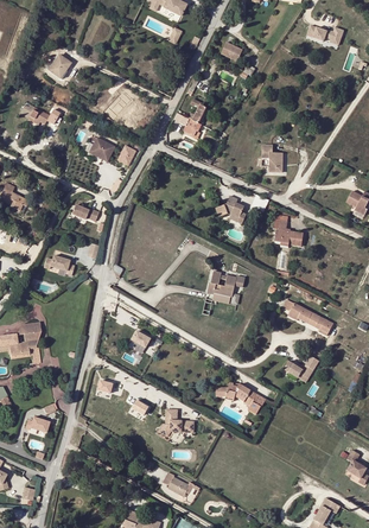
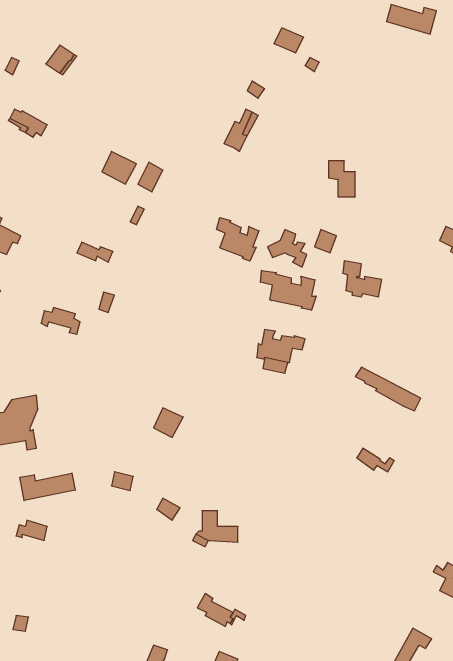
building: none -> [216,218,259,261]
building: none -> [260,270,316,310]
building: none -> [20,473,75,501]
building: [216,382,265,414] -> none

